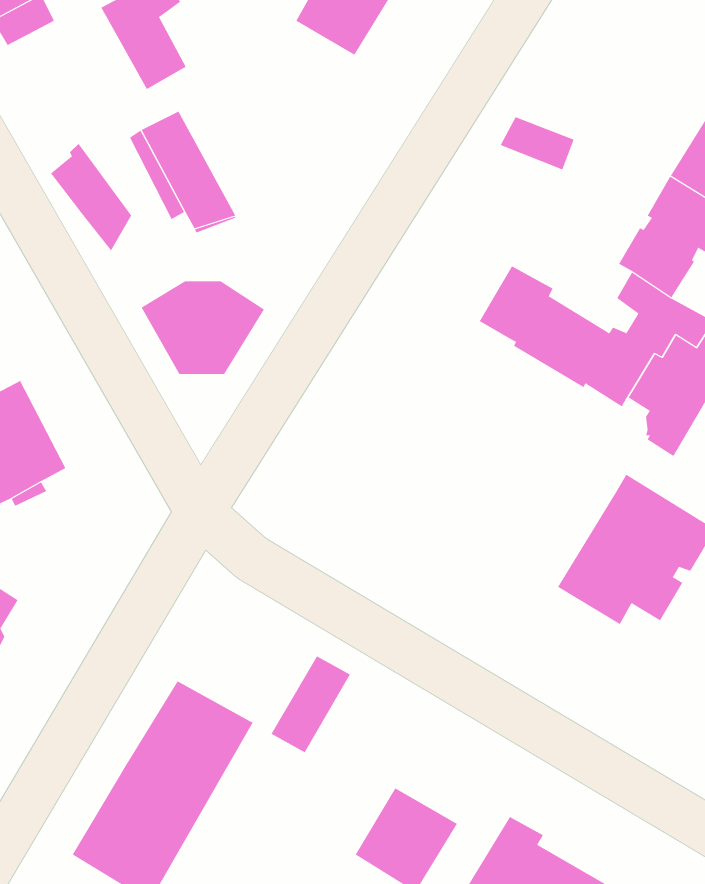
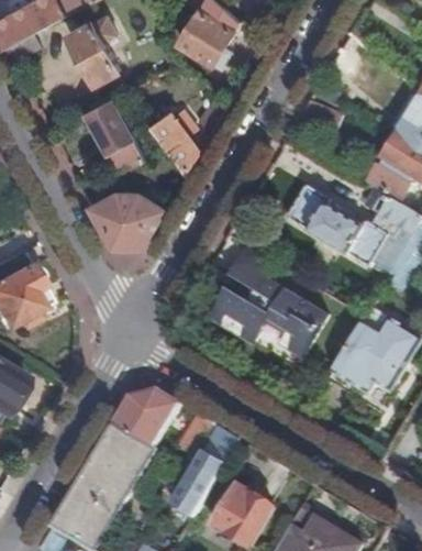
building: [50,143,132,252] -> [153,107,200,169]
building: none -> [209,246,326,354]
building: none -> [111,388,179,448]
building: none -> [171,426,237,516]

